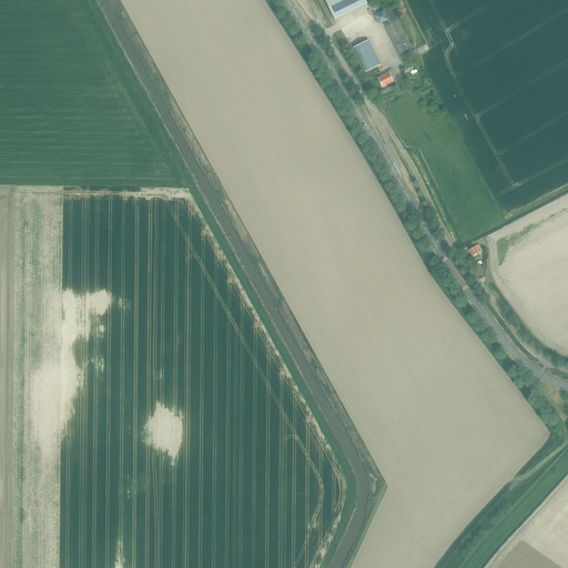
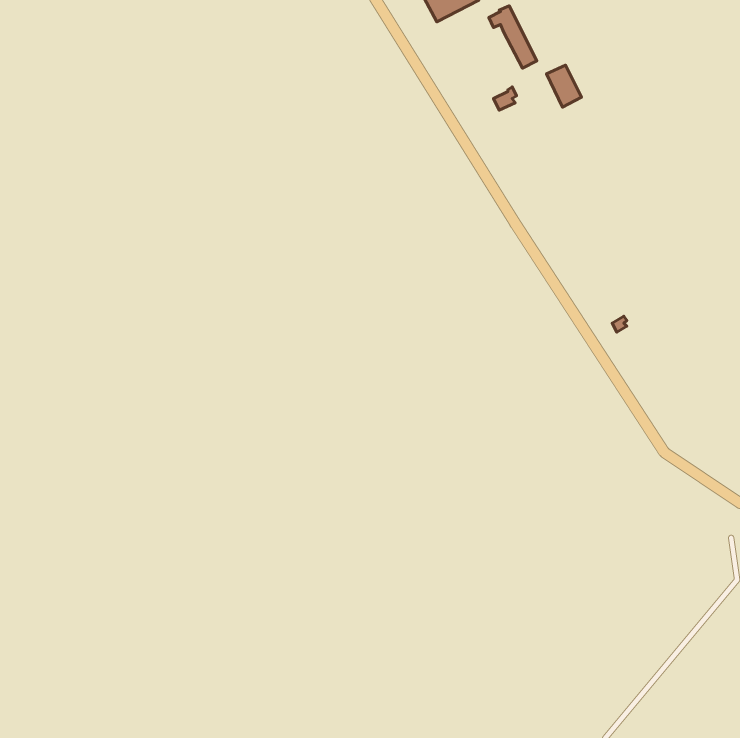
building: [353,38,379,70] -> [547,65,581,107]

